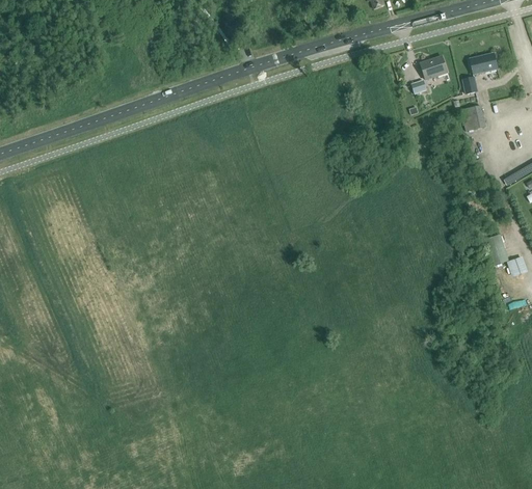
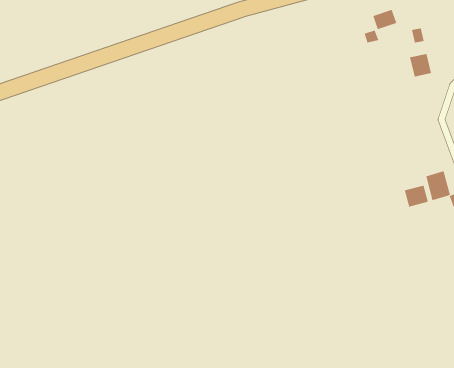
building: [470,53,498,74] -> none
building: none -> [404,185,429,208]

